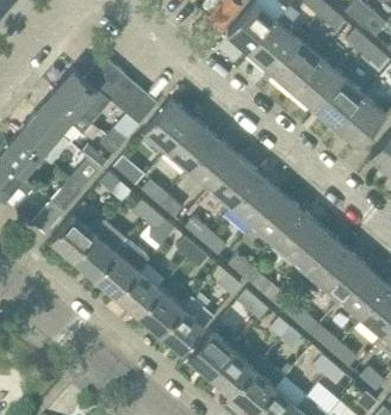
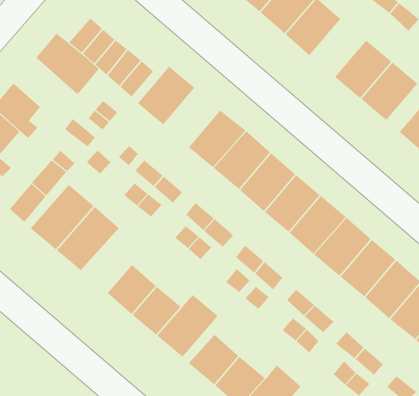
building: [292,58,341,109] -> none
building: [36,92,92,135] -> none
building: [166,118,215,169] -> none
building: [94,240,149,296] -> none

